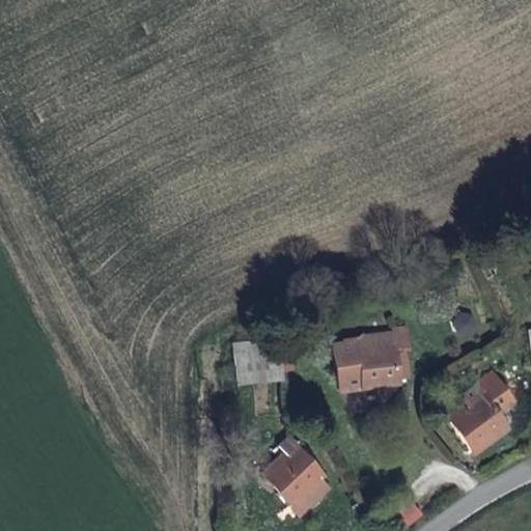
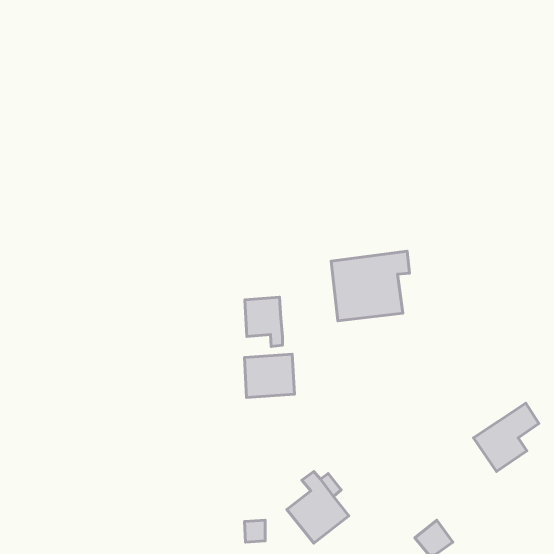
building: none -> [245,297,283,346]
building: [332,326,407,392] -> [331,251,409,321]

